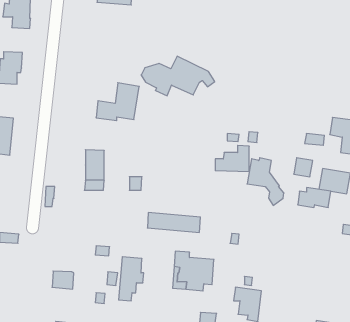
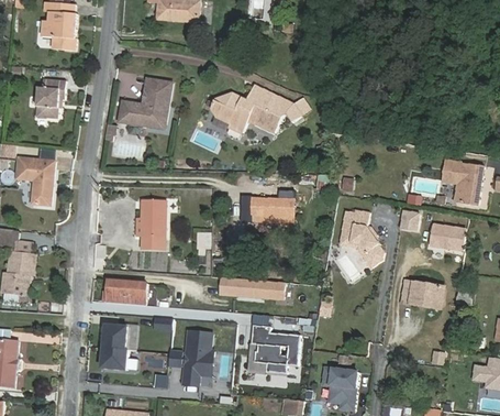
building: [96,83,139,121] -> [119,78,171,124]
building: [215,145,249,171] -> [251,189,292,221]
building: [298,188,331,207] -> [401,282,442,306]
building: none -> [105,281,146,305]
building: none -> [102,325,126,349]

